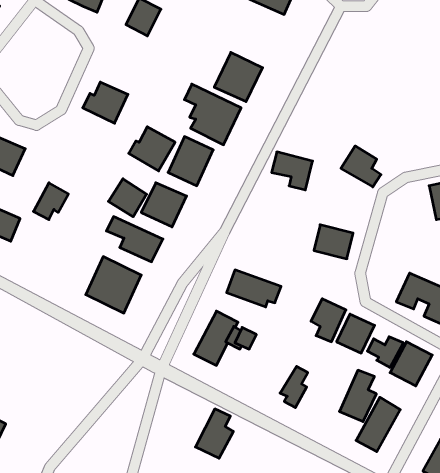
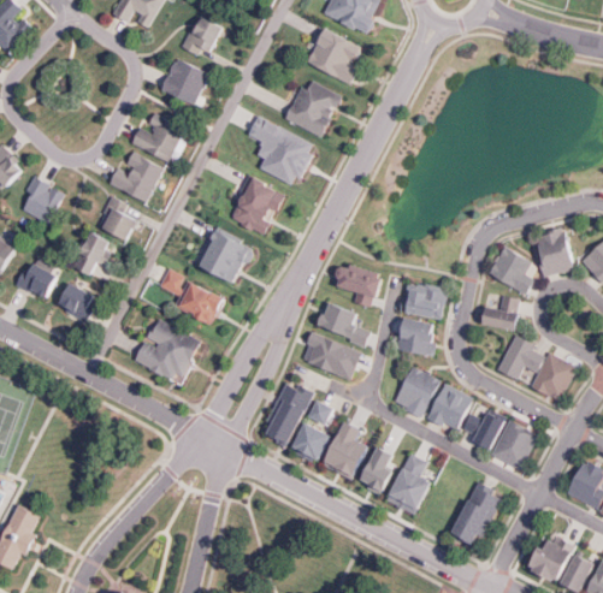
building: none -> [307,29,361,83]
building: none -> [160,58,207,103]
building: [129,127,175,171] -> [108,150,162,202]
building: [341,146,381,187] -> [487,247,534,295]
building: [272,152,313,190] -> [333,262,382,307]
building: [108,179,147,217] -> [95,196,140,241]
building: none -> [57,281,94,319]
building: none -> [477,296,520,332]
building: none -> [320,300,371,348]
building: none -> [397,318,437,356]
building: none -> [291,421,331,461]
building: [339,370,376,422] -> [386,453,430,514]
building: [195,409,233,458] -> [323,421,367,479]

